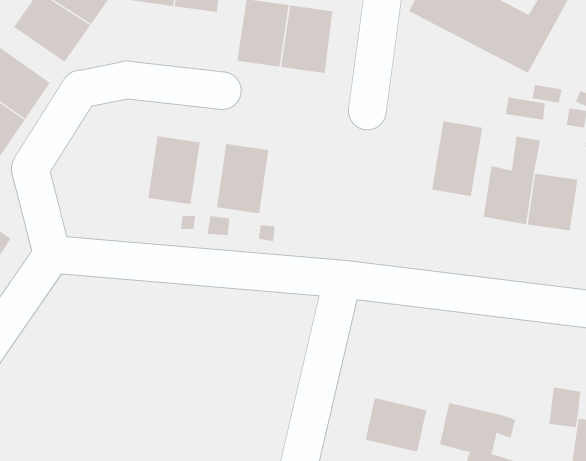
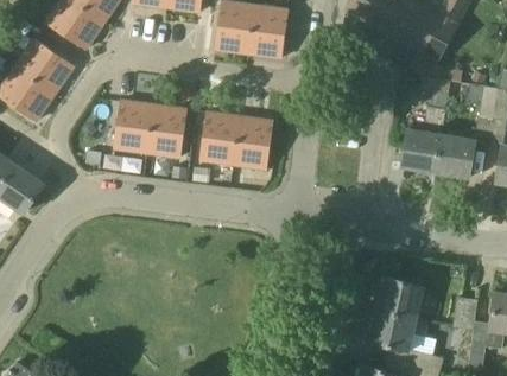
building: [432,120,483,197] -> none
building: none -> [113,101,154,153]
building: none -> [233,116,274,170]
building: [365,398,427,452] -> [376,276,424,318]

